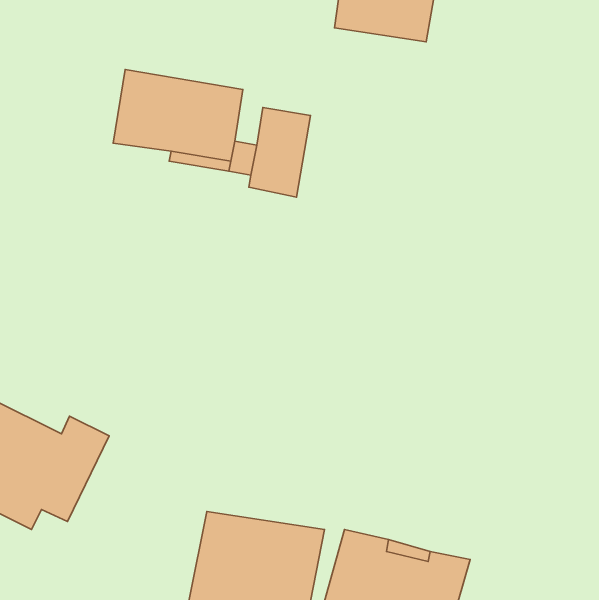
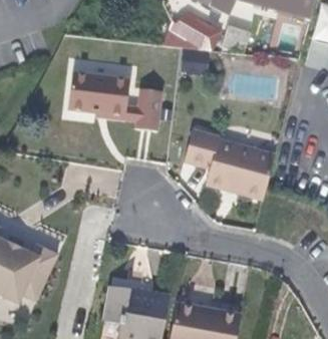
building: none -> [186,127,276,197]

